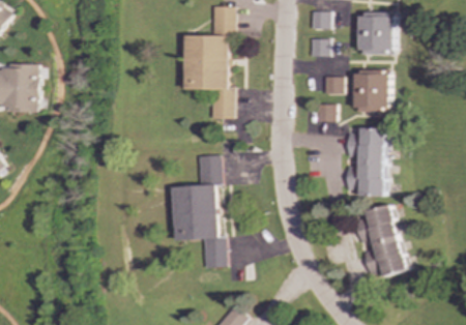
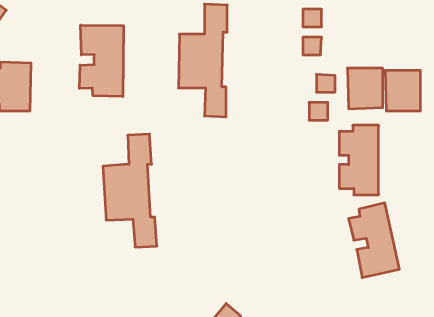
building: [357,12,392,53] -> [385,70,420,111]
building: none -> [79,25,123,97]
building: [171,154,225,267] -> [103,134,157,247]

